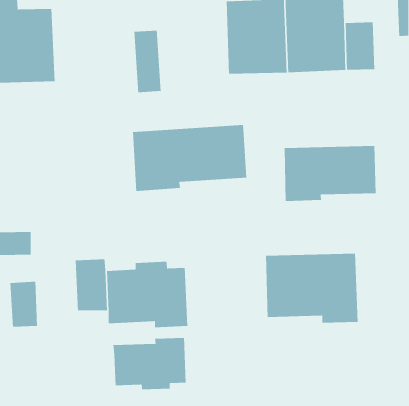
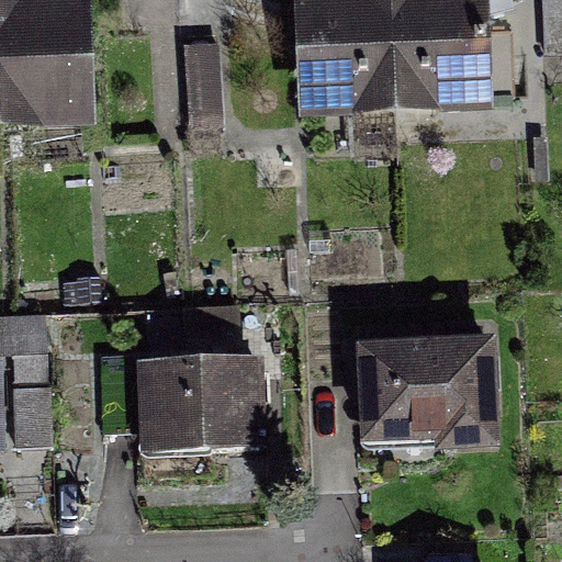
building: [132,124,247,192] -> none
building: [284,145,377,202] -> none
building: [113,337,187,390] -> none

